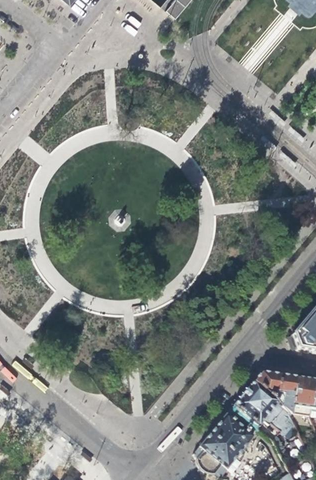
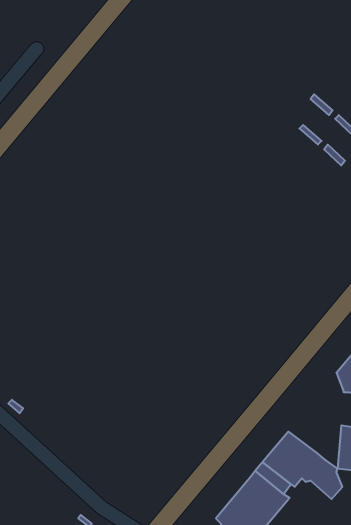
building: [252,372,295,412] -> none

